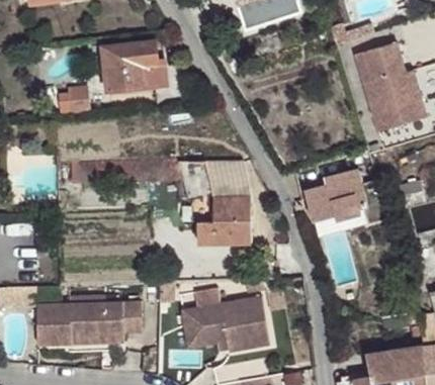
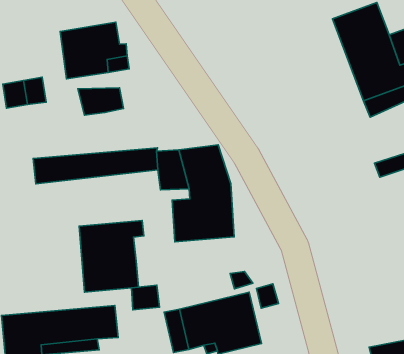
building: none -> [78,88,124,115]
building: [308,171,389,225] -> none
building: none -> [79,221,144,292]

